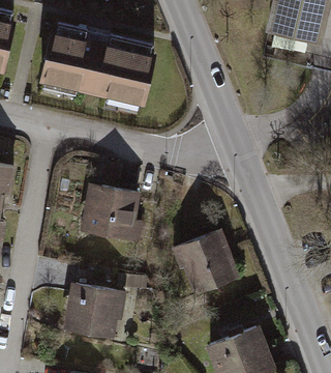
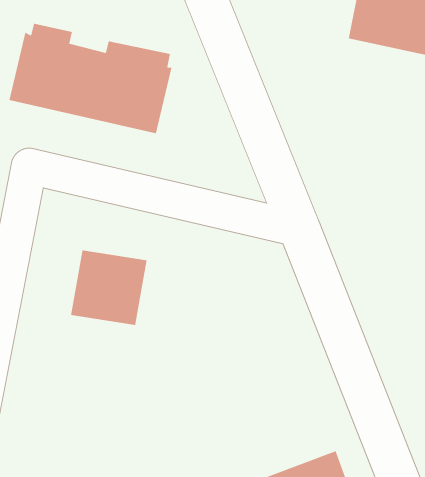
building: [185,236,249,298] -> none
building: [62,284,120,336] -> none

